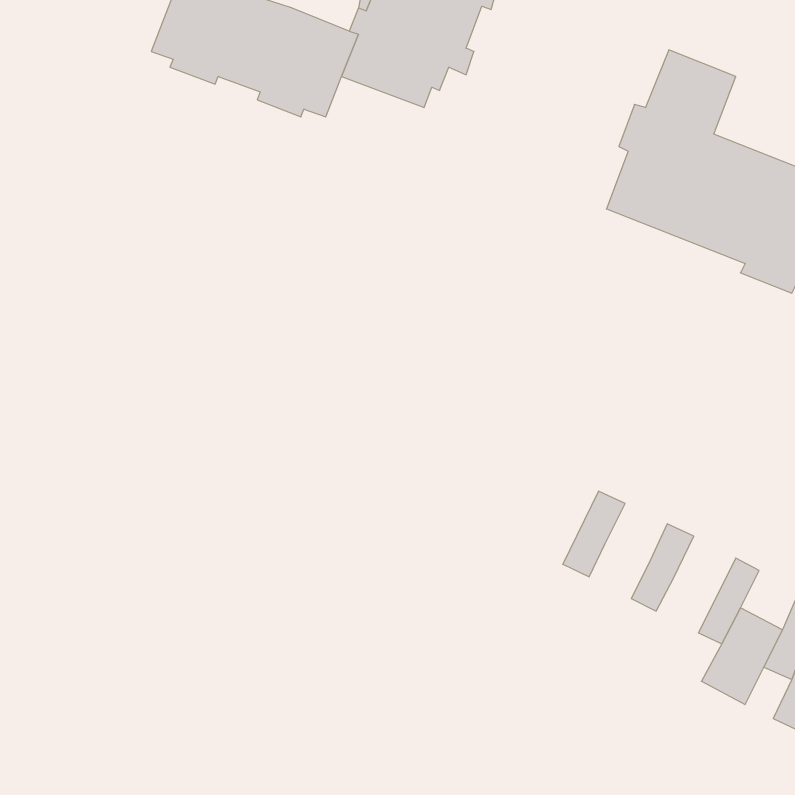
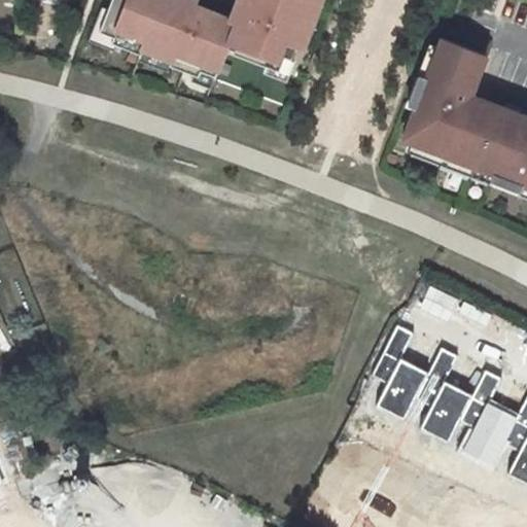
building: none -> [379,359,429,419]
building: none -> [422,382,473,442]

